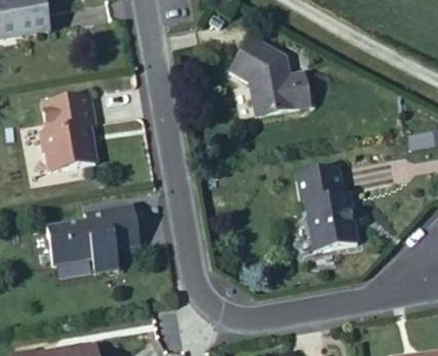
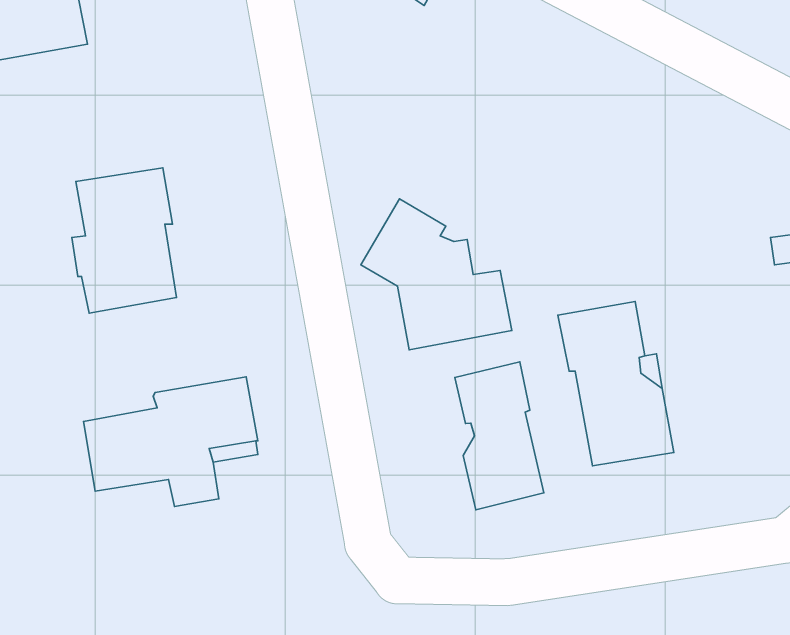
building: [230,35,310,114] -> [361,199,512,350]
building: none -> [455,362,544,510]

